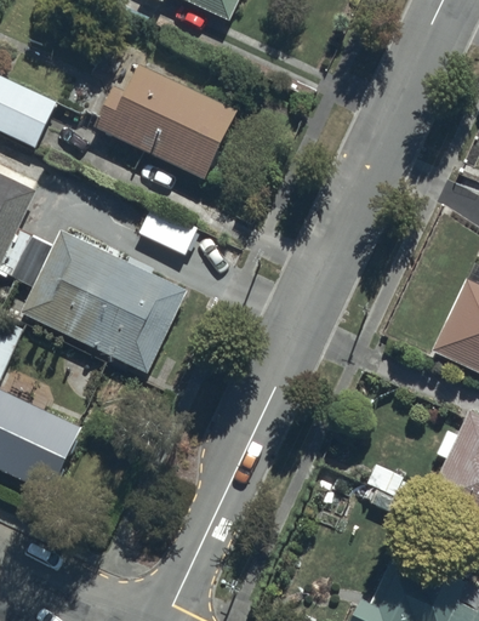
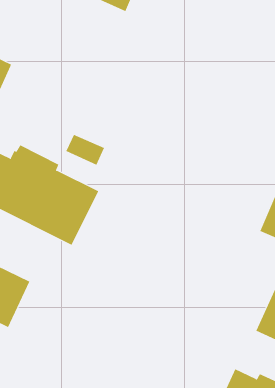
building: [91,63,236,180] -> none

